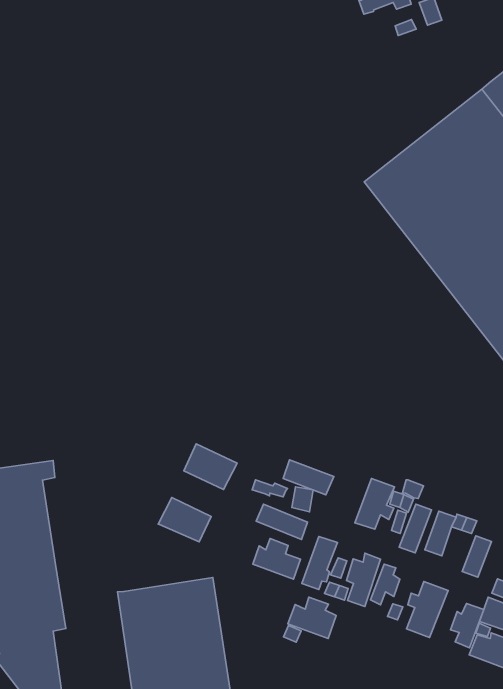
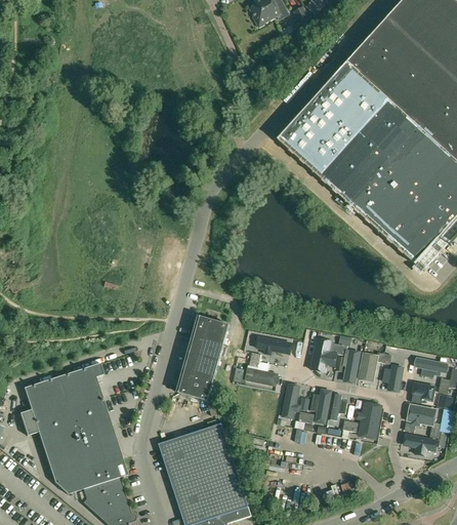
building: none -> [194,316,228,342]
building: none -> [183,354,217,381]
building: [253,538,300,579] -> none
building: [288,597,336,639] -> none
building: [450,603,484,648] -> none

